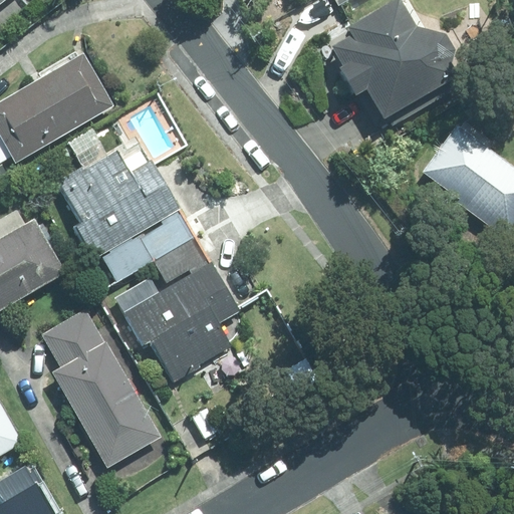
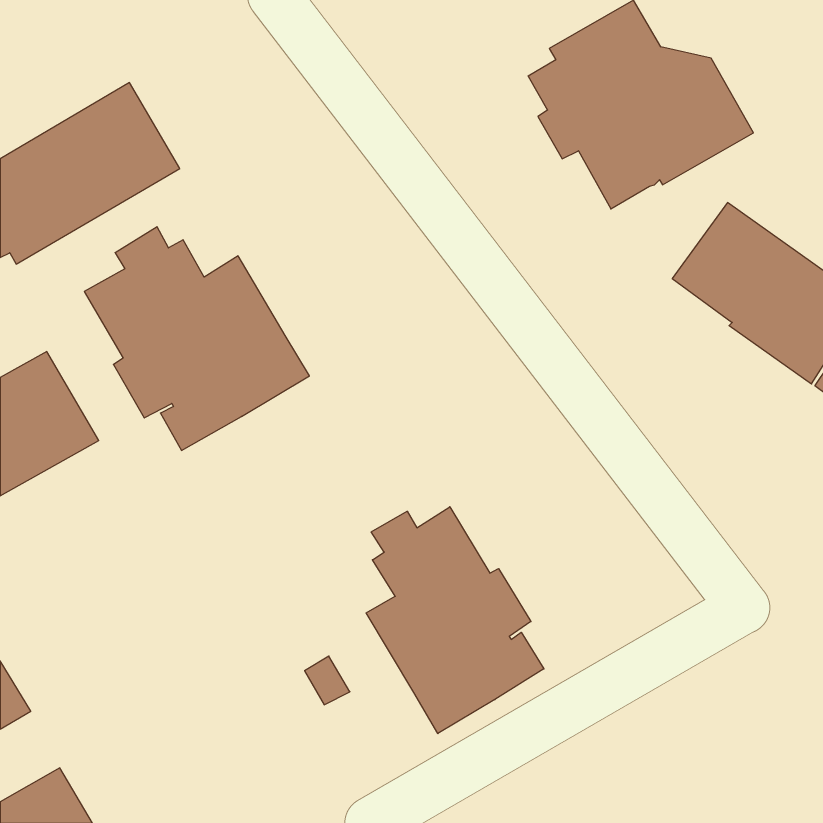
building: [122,233,240,380] -> none
building: [40,308,159,469] -> none
building: none -> [366,507,544,734]

